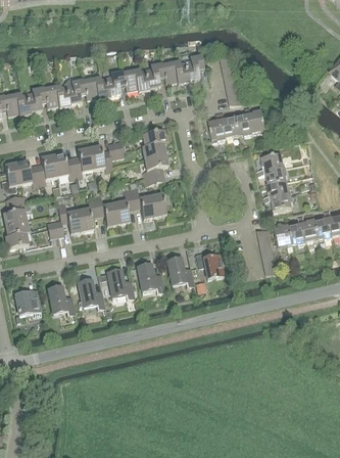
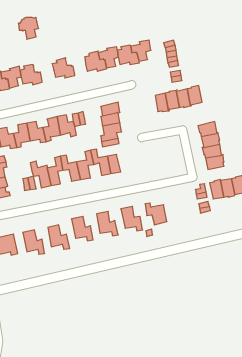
building: [100,71,125,96] -> none
building: [61,78,86,104] -> [18,17,39,39]

